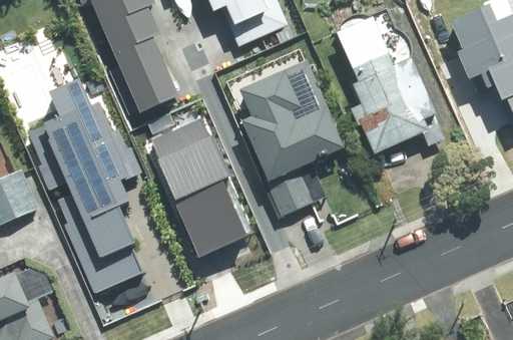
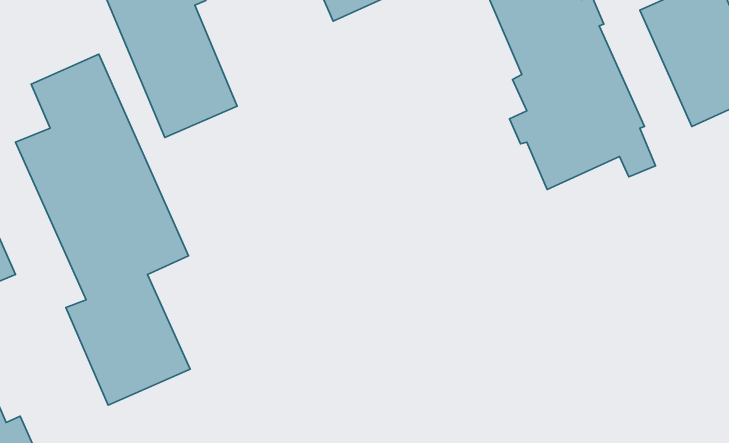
building: [240,60,345,215] -> none
building: [148,117,244,254] -> none

